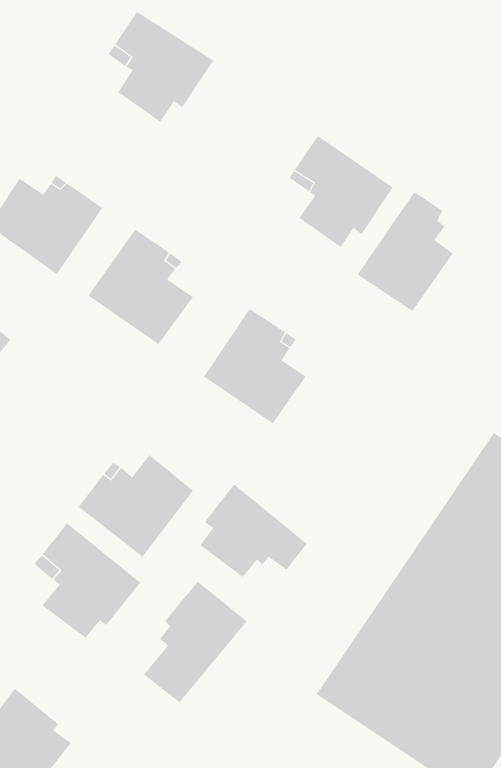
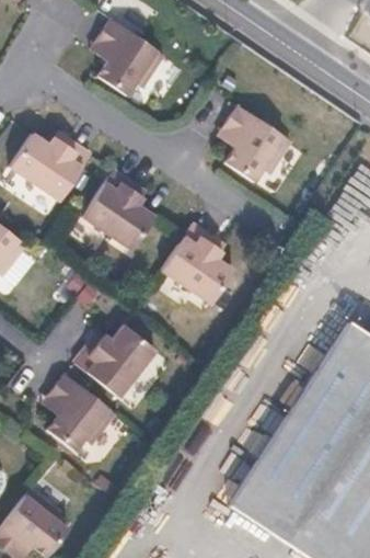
building: [357,191,454,312] -> none
building: [200,484,308,578] -> none
building: [143,581,247,703] -> none

